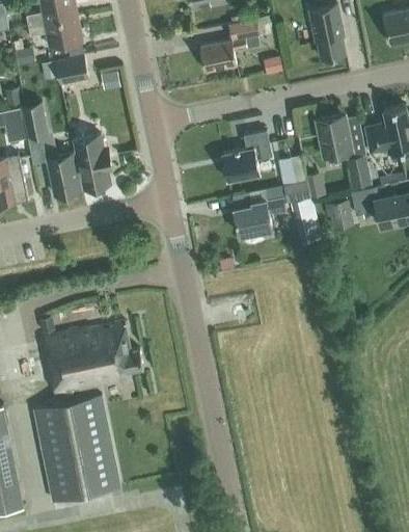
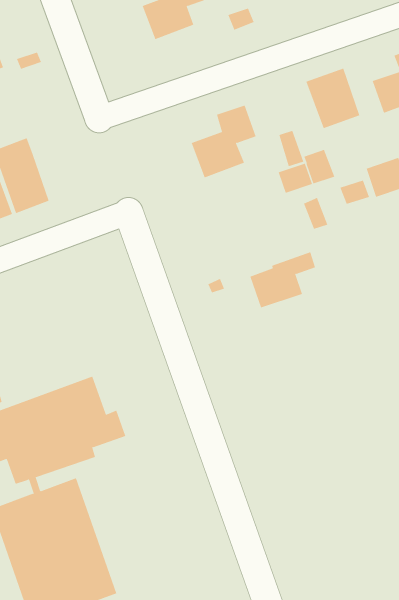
building: [346,156,373,190] -> none
building: [234,198,284,236] -> [249,252,316,308]

